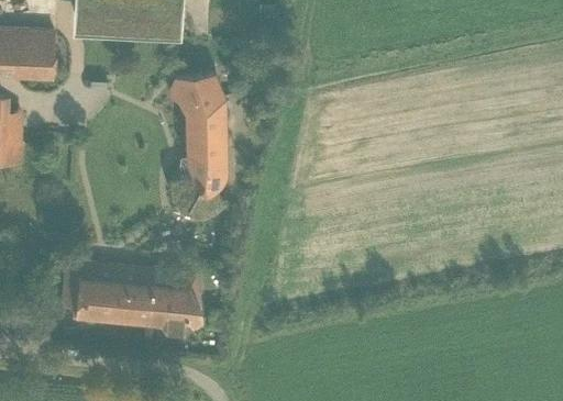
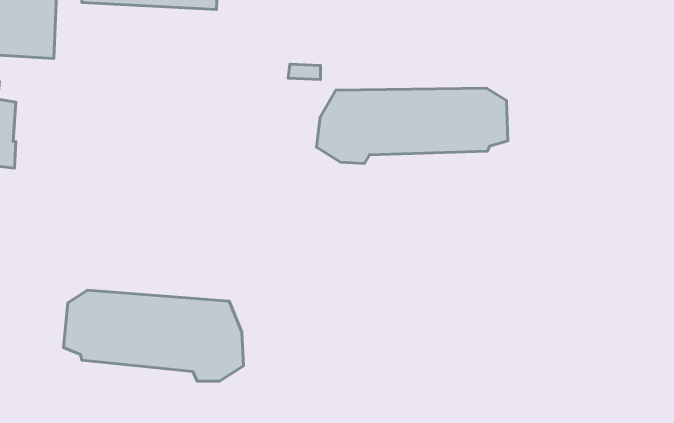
building: [168,74,227,219] -> none
building: none -> [316,88,508,164]

